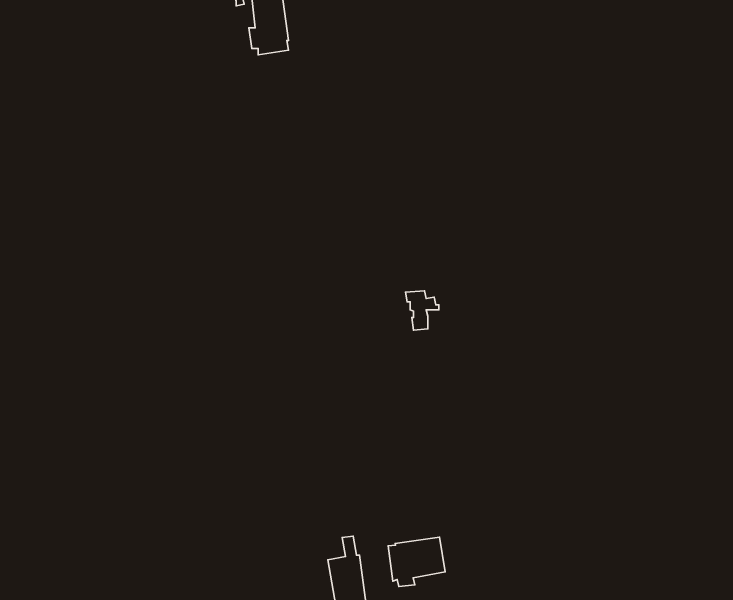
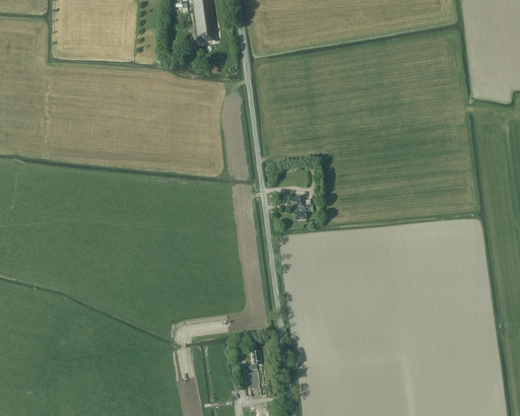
building: [388,537,445,587] -> none

